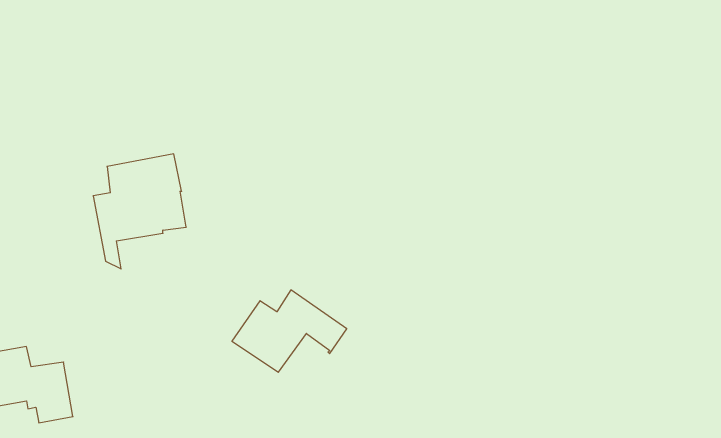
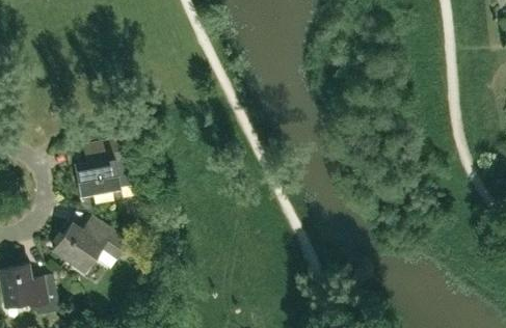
building: [232,290,347,372] -> [52,216,129,271]

